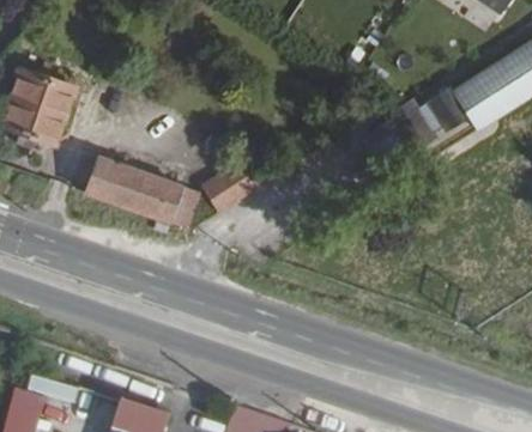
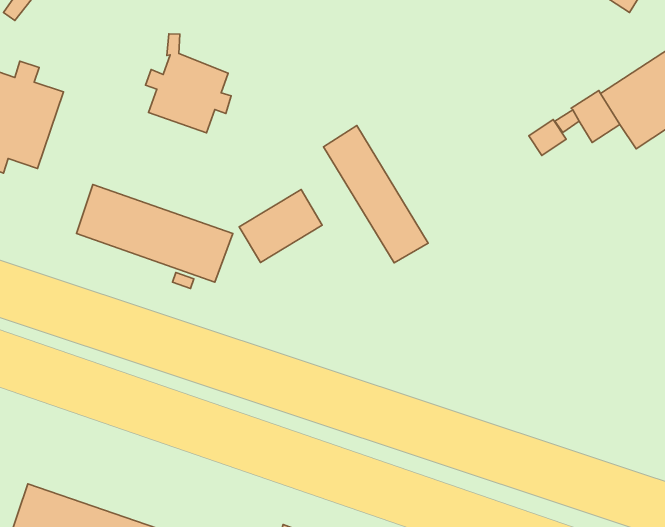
building: none -> [146,34,231,133]
building: none -> [323,126,428,263]

